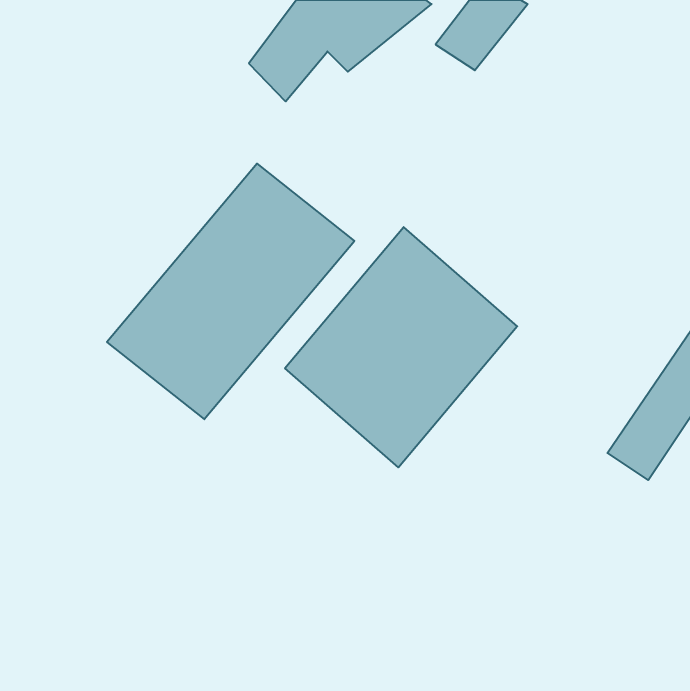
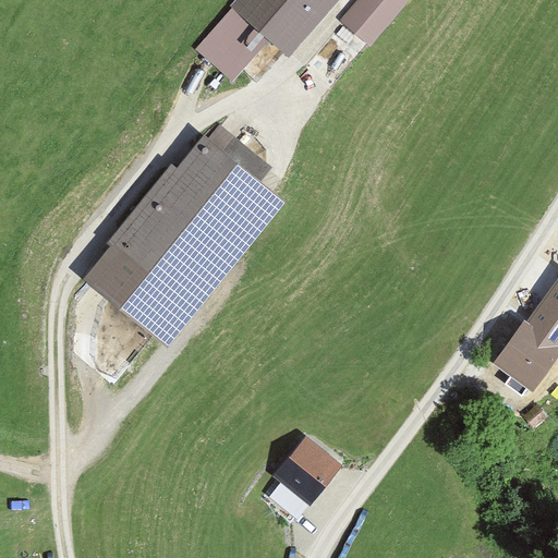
building: [285,227,517,467] -> none
building: none -> [259,434,340,514]

